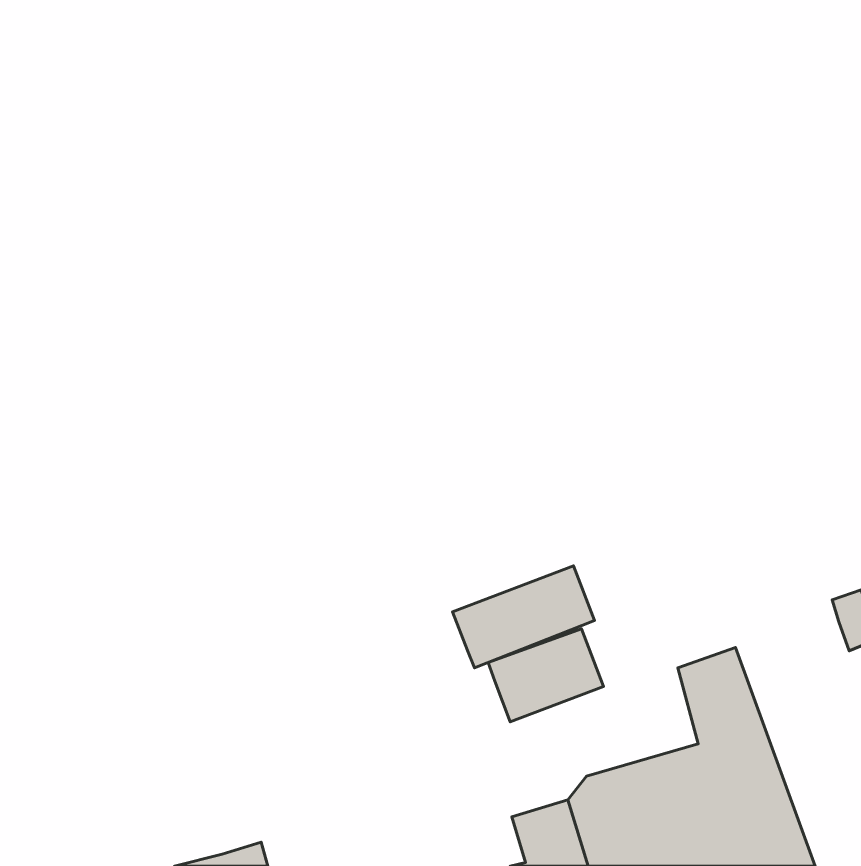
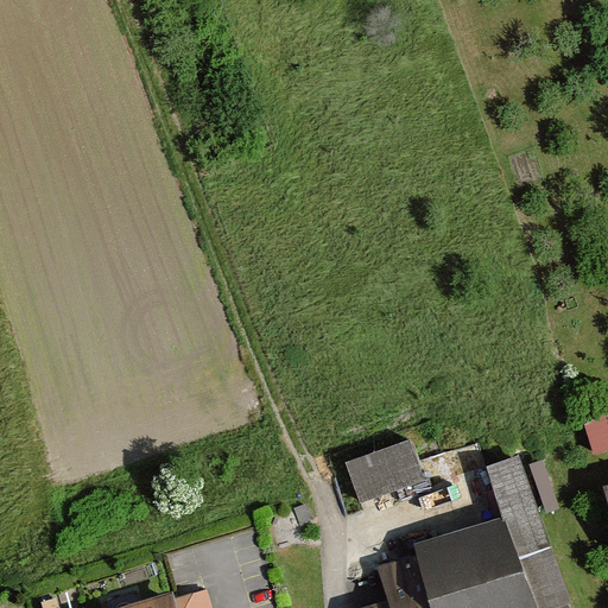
building: [452,566,594,668] -> none

